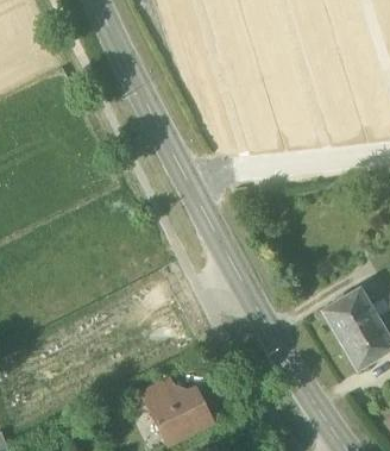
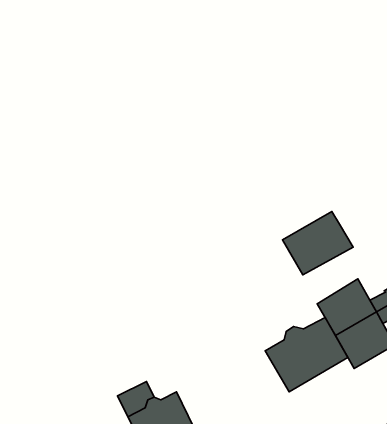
building: none -> [283,211,353,275]
building: none -> [265,318,348,392]

